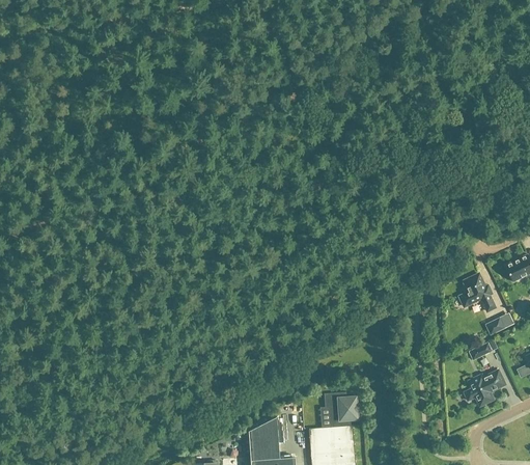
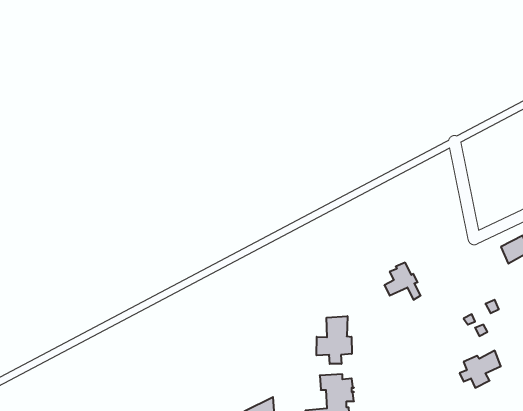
building: [458,274,495,311] -> [384,263,421,300]
building: none -> [317,316,352,364]

